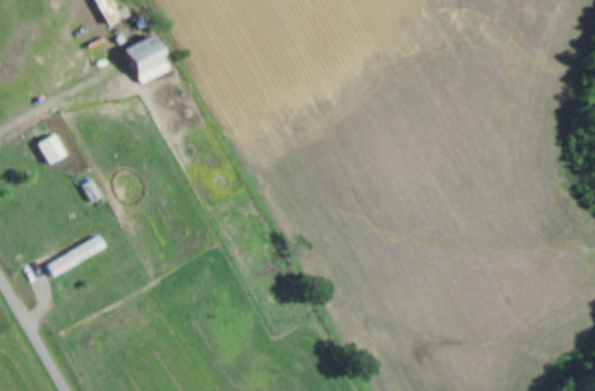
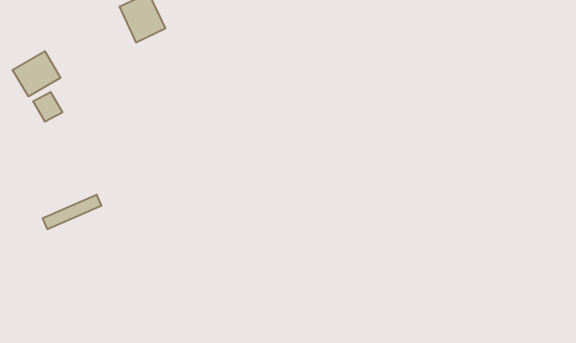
building: none -> [13,51,61,96]

